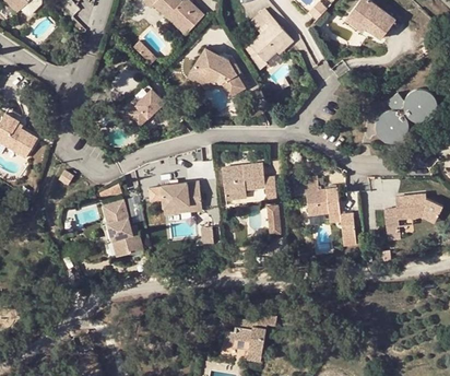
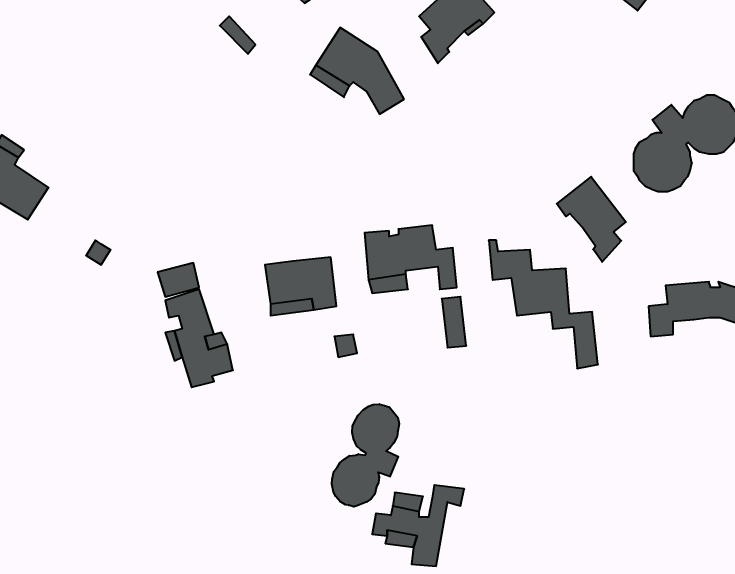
building: [120,89,165,127] -> none
building: none -> [557,177,626,262]
building: none -> [332,404,399,507]

